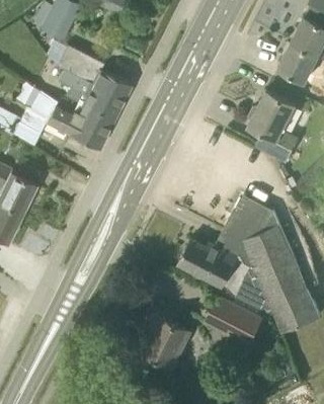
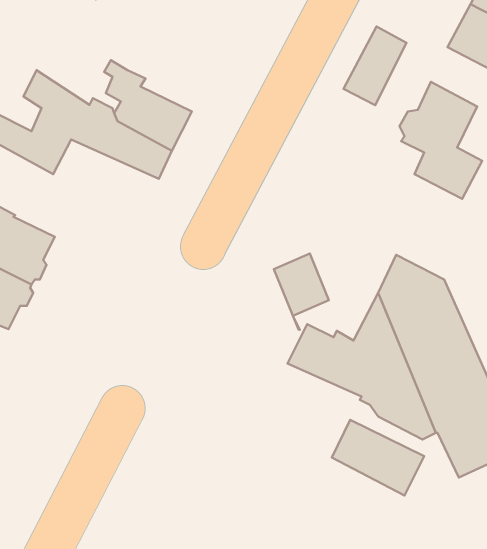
building: [57,46,131,108] -> none
building: none -> [343,27,406,105]
building: none -> [274,254,329,330]
building: [142,313,190,367] -> none

